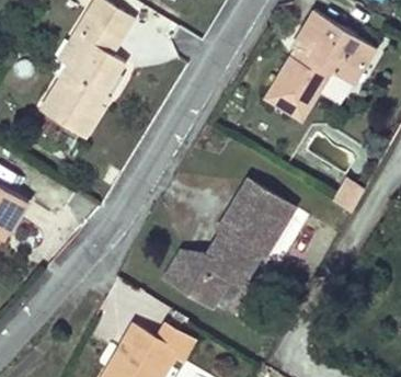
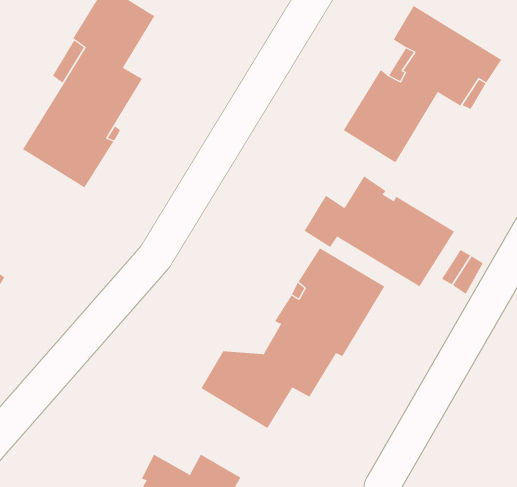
building: none -> [304,175,455,287]

